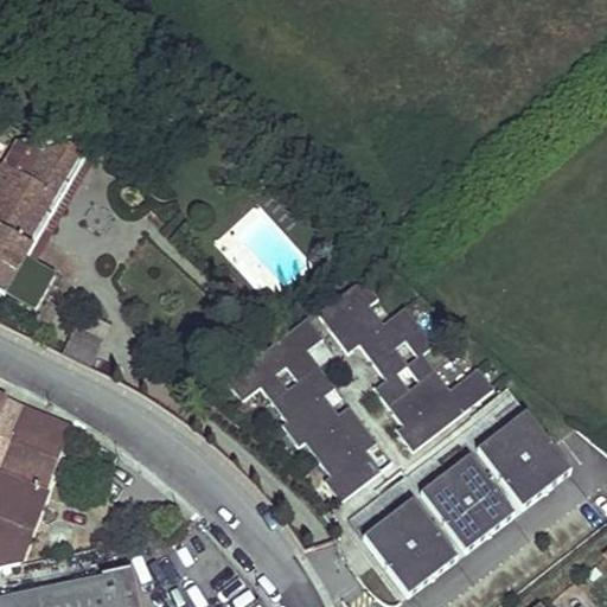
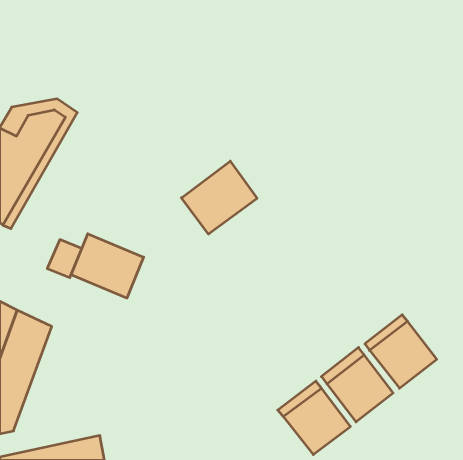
building: none -> [181,161,257,234]
building: [317,279,493,451] -> none
building: none -> [71,234,144,298]
building: [226,317,382,500] -> none

